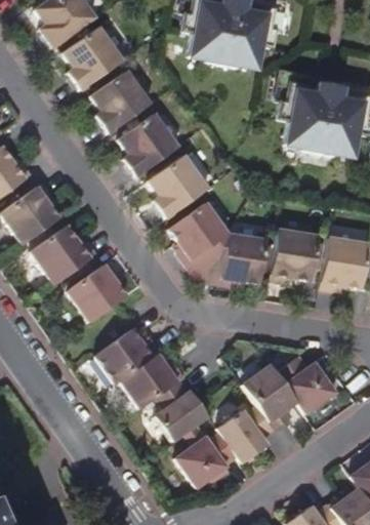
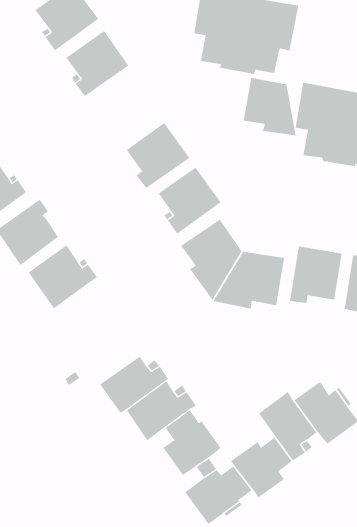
building: [93,72,152,133] -> none
building: none -> [243,77,296,136]
building: [68,261,126,322] -> none

